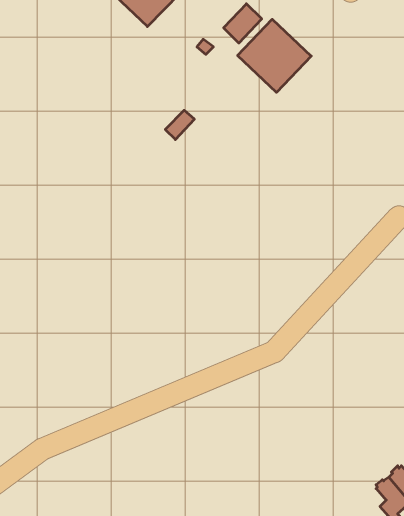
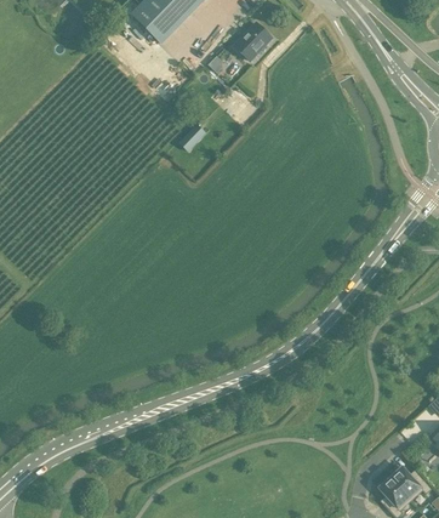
building: [238,19,311,92] -> none

